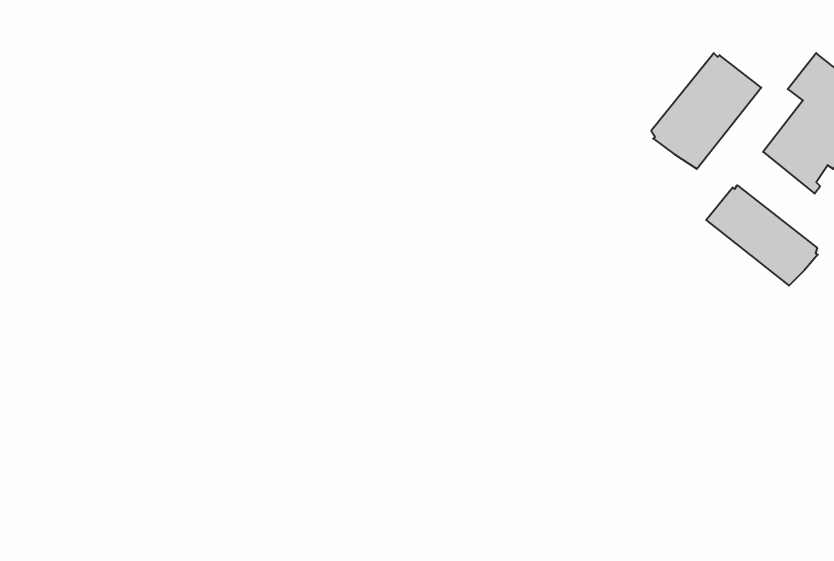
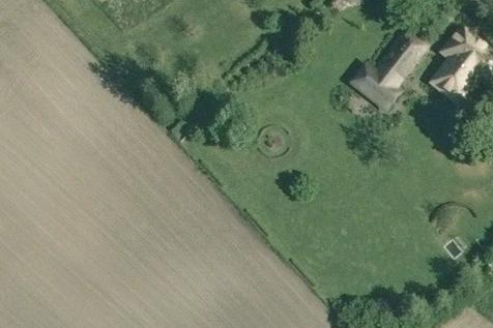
building: [706,185,818,286] -> none

